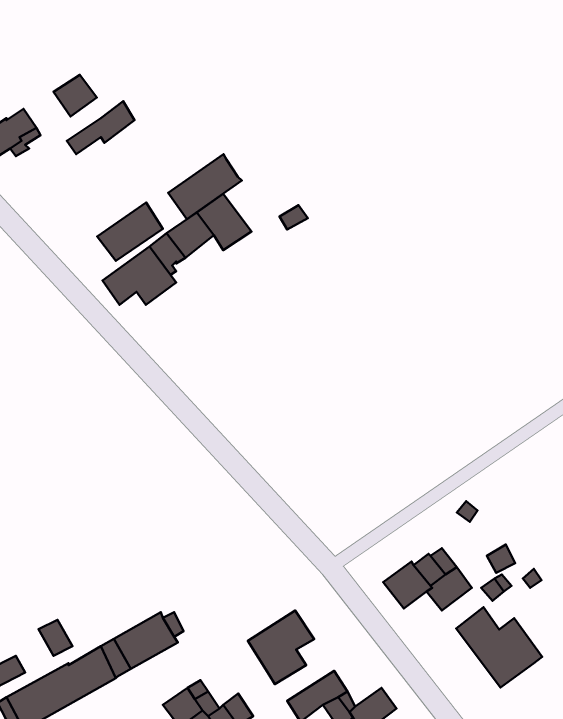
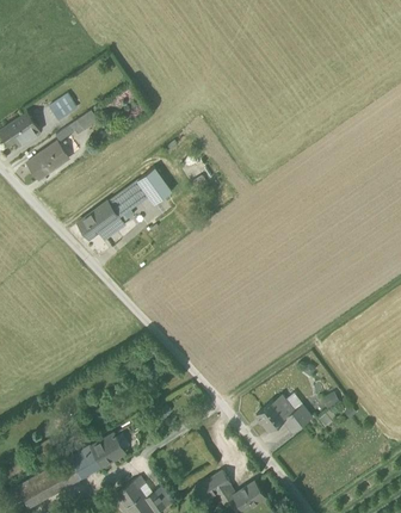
building: [168,154,242,219] -> none
building: [97,202,163,261] -> [26,142,68,179]
building: [456,607,542,687] -> none
building: [248,611,314,684] -> none

